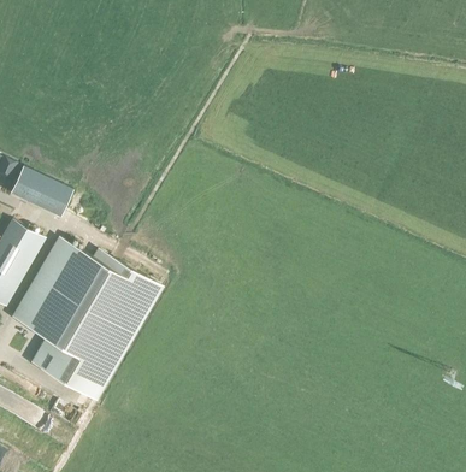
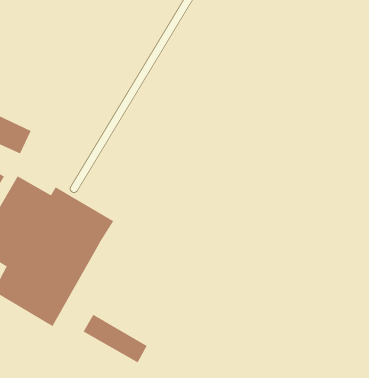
building: none -> [83,314,148,363]

